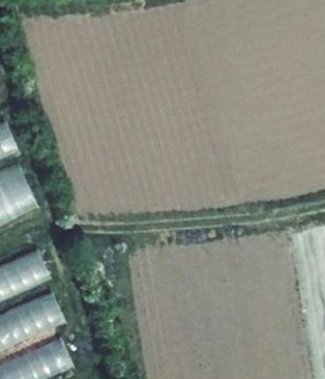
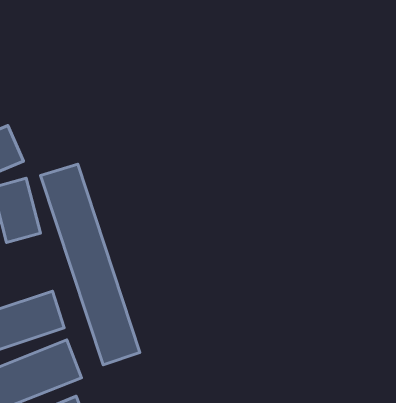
building: none -> [41,164,140,365]

